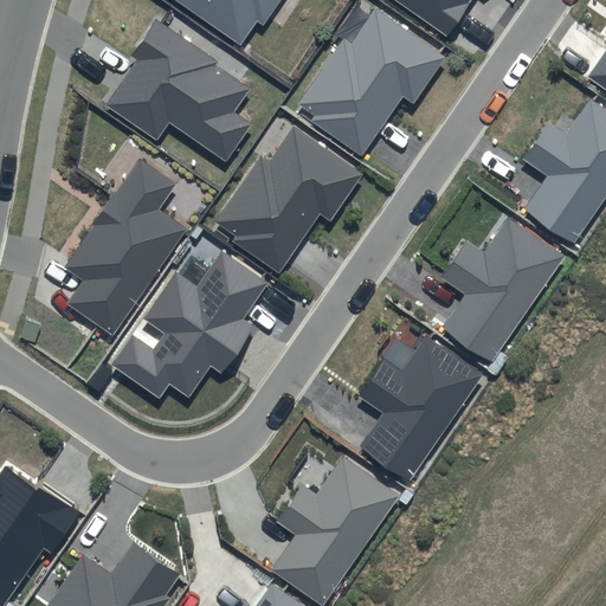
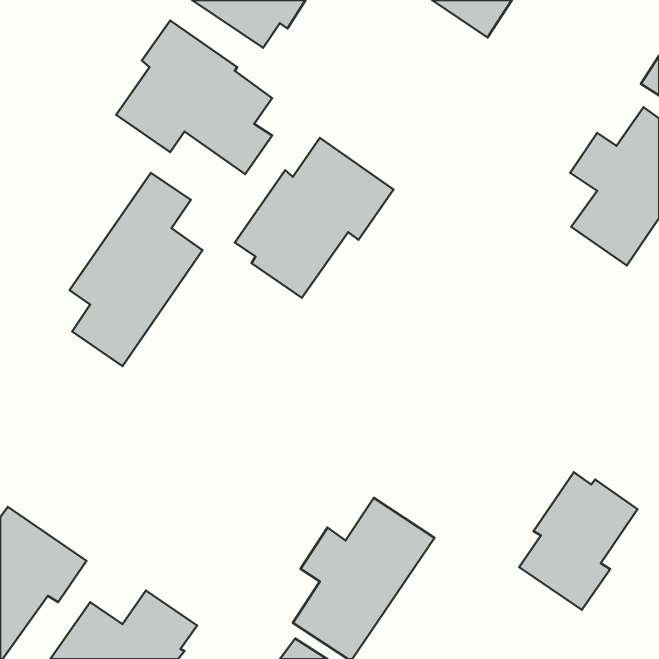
building: [299,8,445,154] -> none
building: [440,218,562,361] -> none
building: [111,250,270,397] -> none
building: [359,335,483,481] -> none
building: none -> [519,472,638,610]

